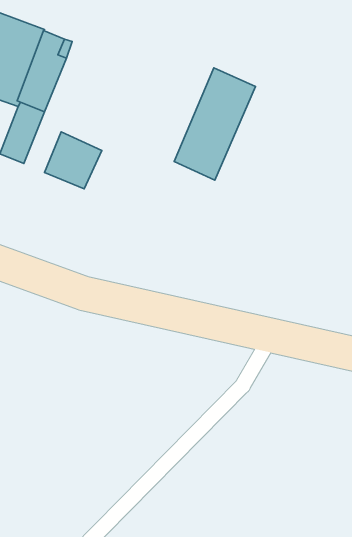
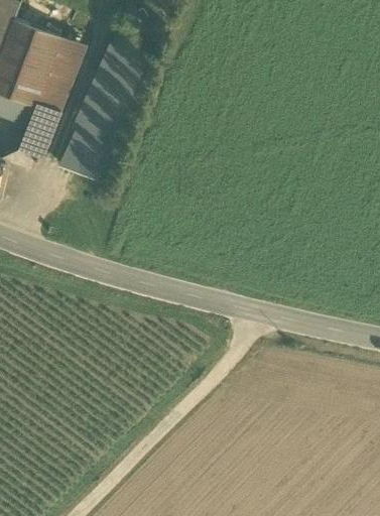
building: [174,68,256,180] -> [76,42,150,145]

